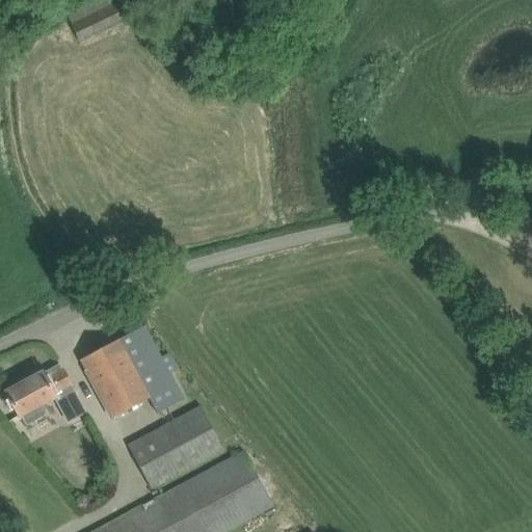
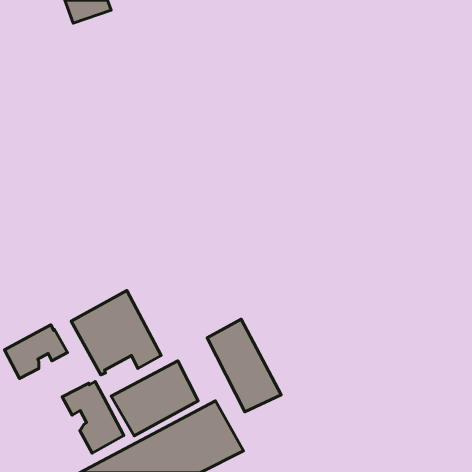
building: none -> [207,319,281,412]
building: none -> [62,381,124,453]

